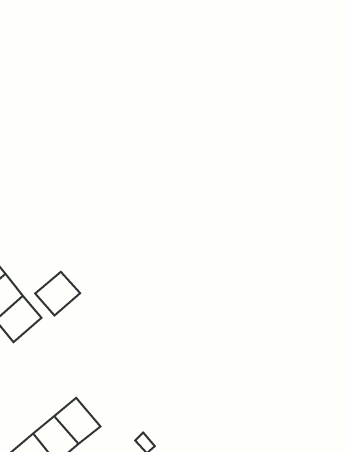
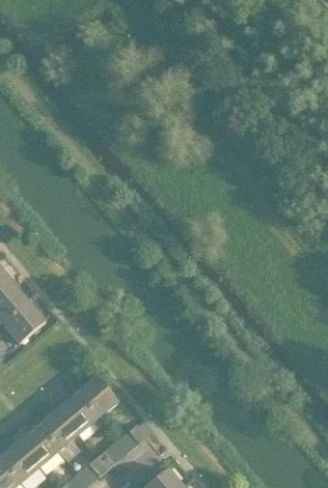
building: [35,272,80,316] -> none
building: none -> [75,377,116,420]

